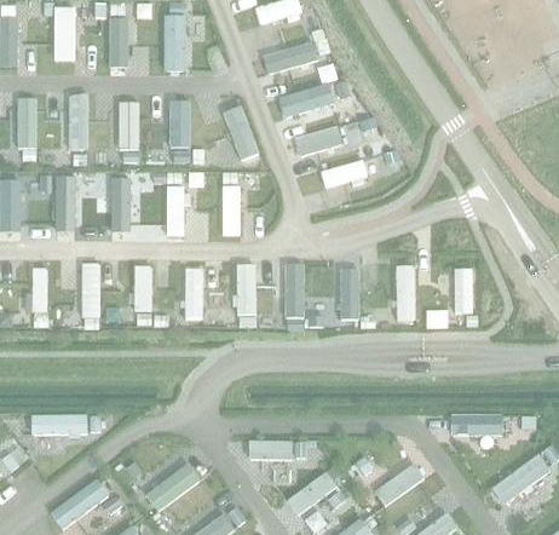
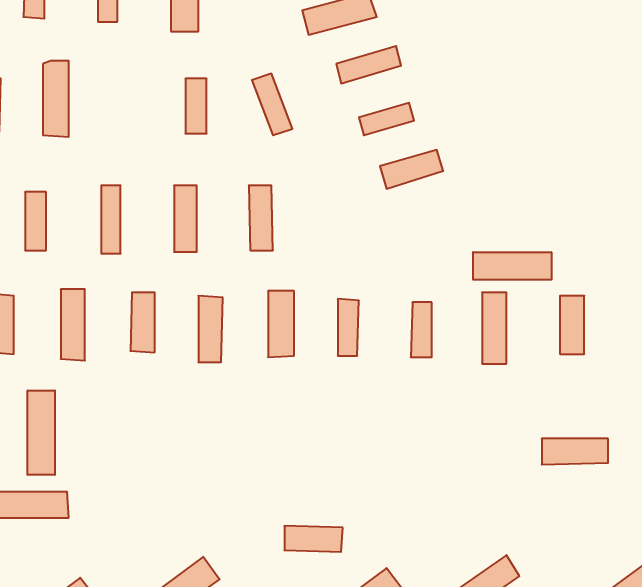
building: [119,102,138,149] -> none
building: none -> [473,252,551,280]
building: none -> [28,390,55,475]
building: [451,415,501,435] -> [542,439,608,465]

